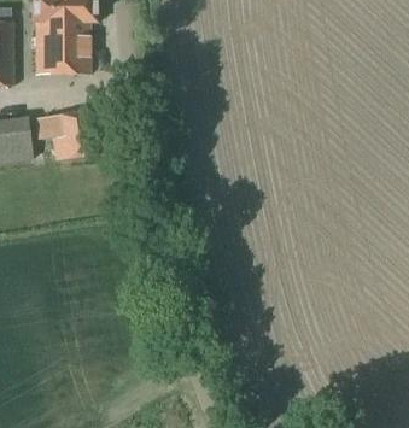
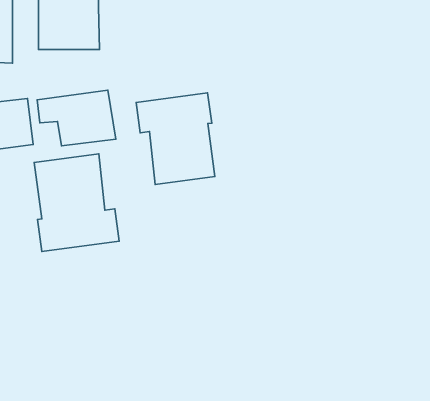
building: none -> [136,93,215,184]
building: none -> [34,154,119,251]

